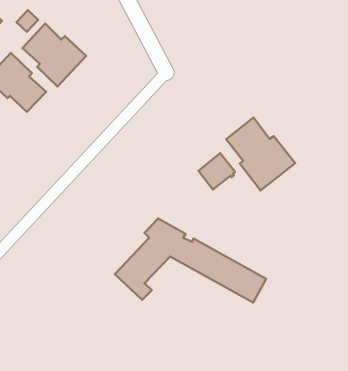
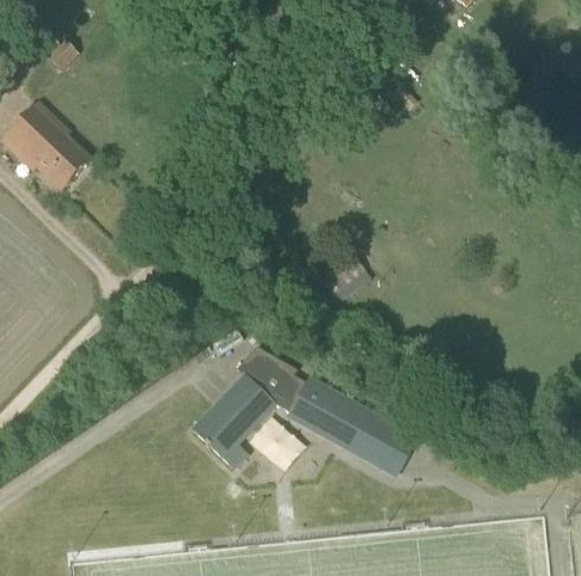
building: [23,24,86,87] -> none
building: [226,117,295,190] -> none

